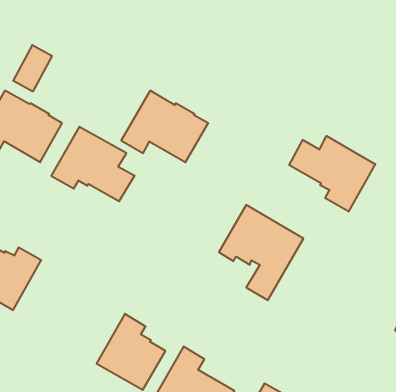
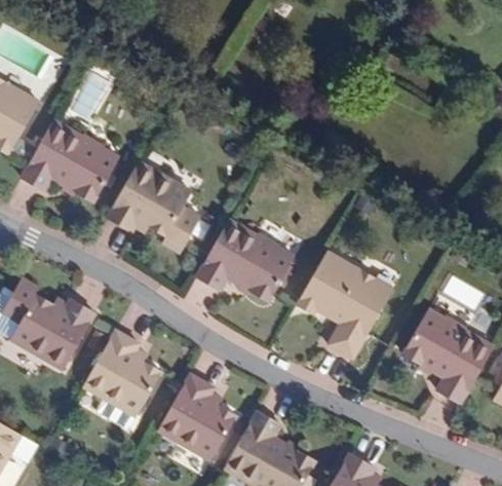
building: [121,91,208,162] -> [196,220,295,301]
building: [289,136,375,212] -> none
building: none -> [402,309,493,404]
building: none -> [83,331,161,416]

